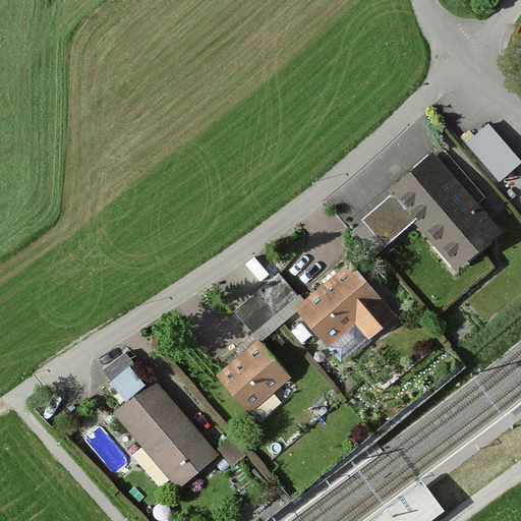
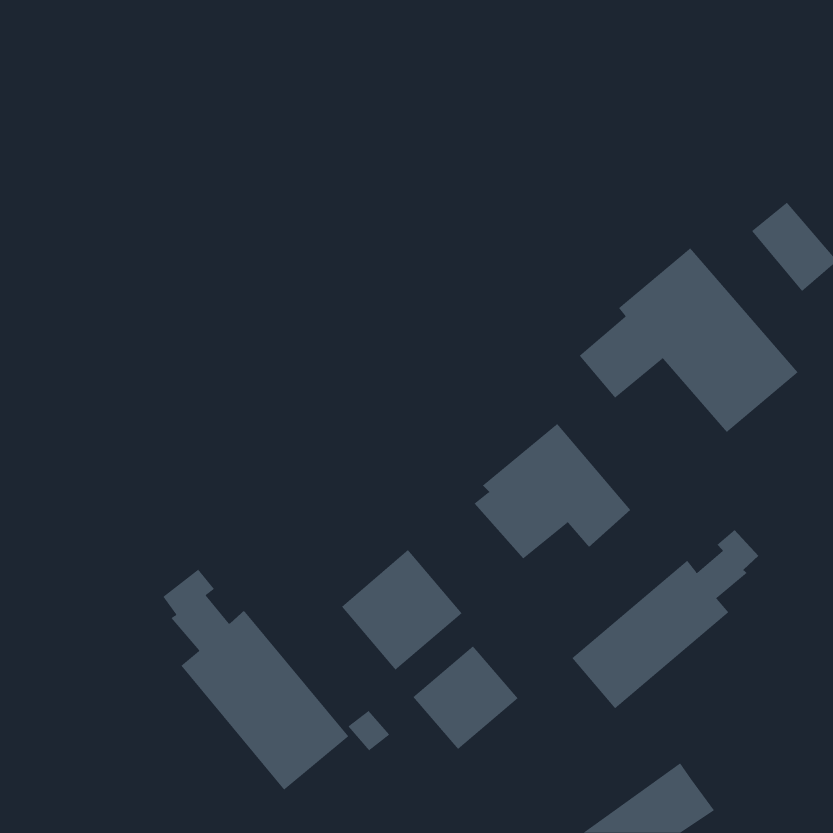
building: [236,274,306,342] -> none
building: none -> [571,529,759,709]
building: none -> [412,645,519,750]

